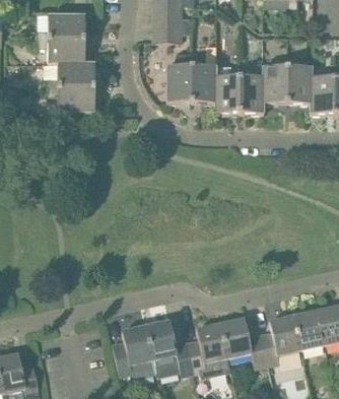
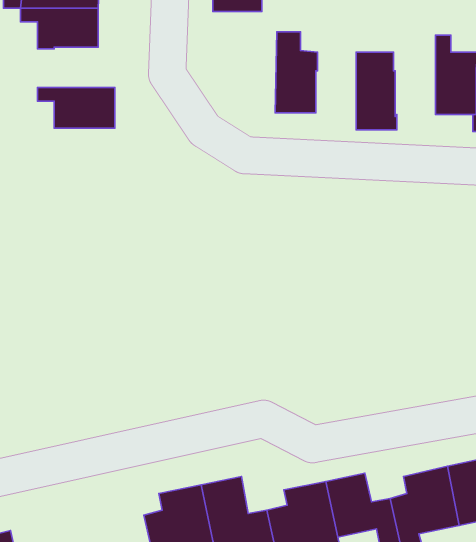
building: [166,55,192,104] -> none
building: [262,57,287,106] -> none
building: [43,63,94,88] -> none
building: [214,67,240,114] -> none

